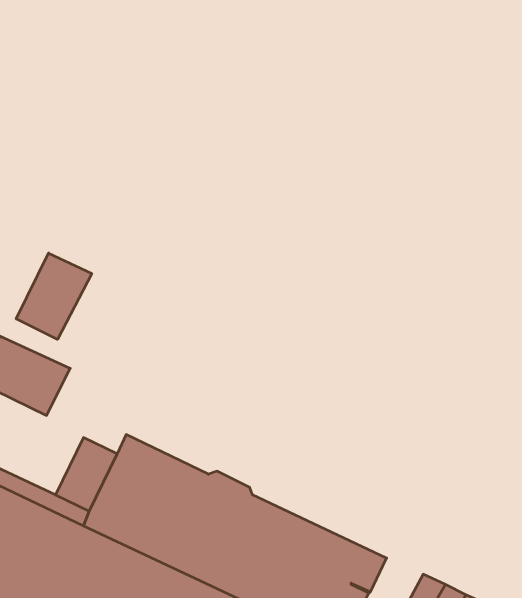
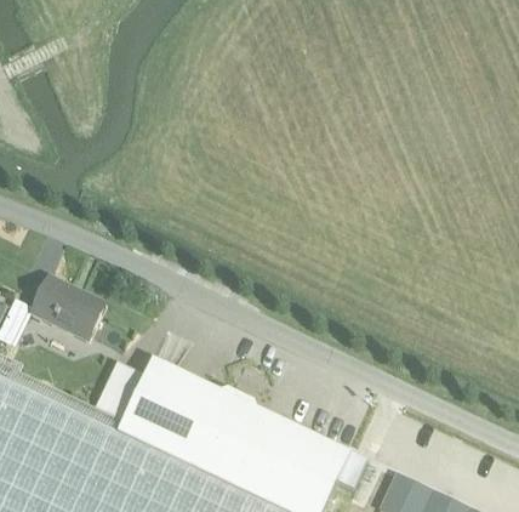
building: [16,253,92,339] -> none

